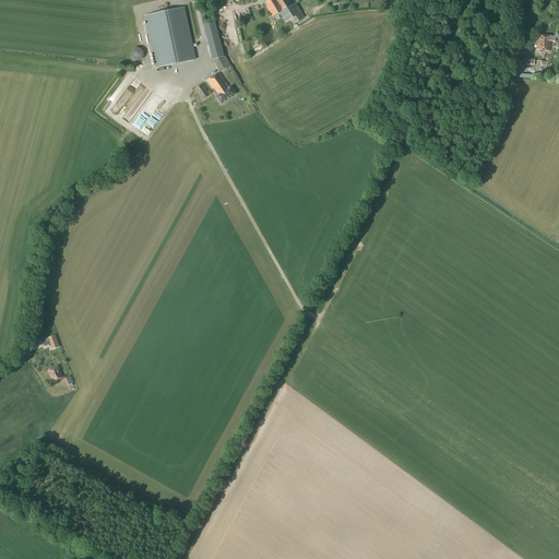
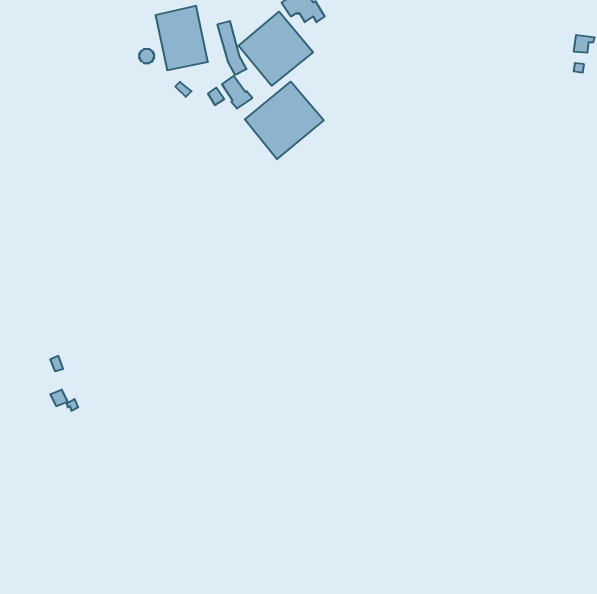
building: none -> [239,12,313,86]
building: none -> [245,82,324,159]

